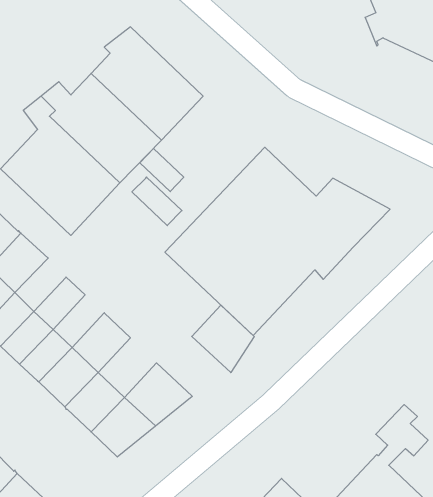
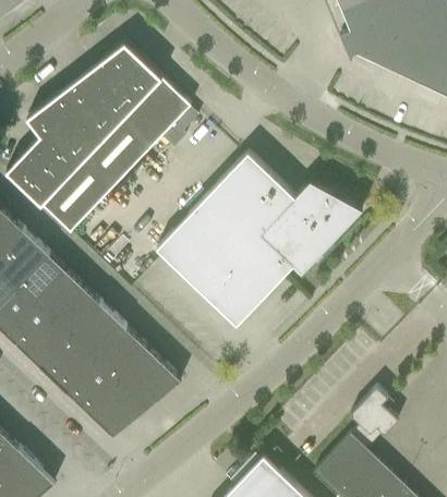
building: [140,148,184,192] -> none
building: [132,177,182,226] -> none
building: none -> [19,255,65,304]
building: none -> [53,289,100,337]
building: [192,305,254,373] -> none
building: none -> [95,328,148,383]

